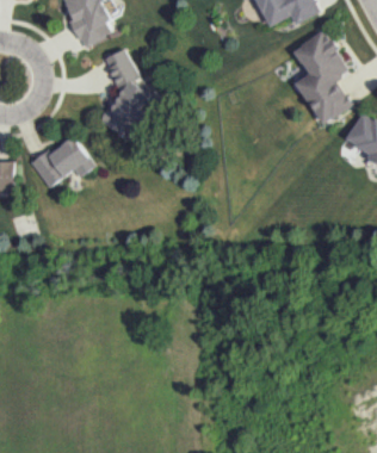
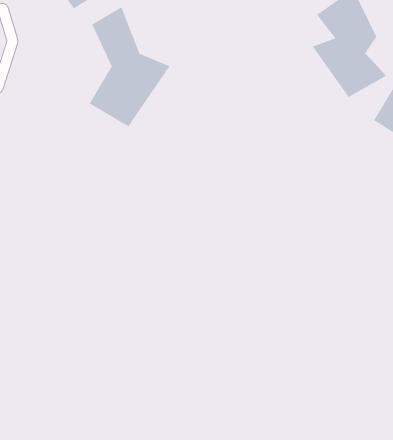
building: [30,136,97,191] -> none

